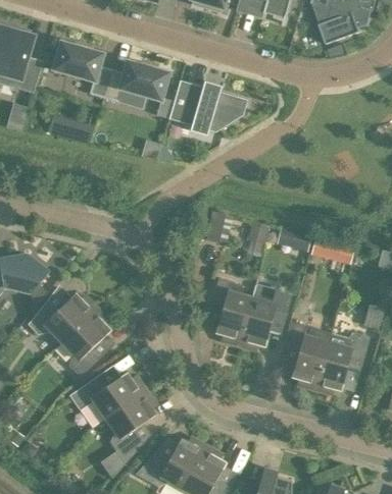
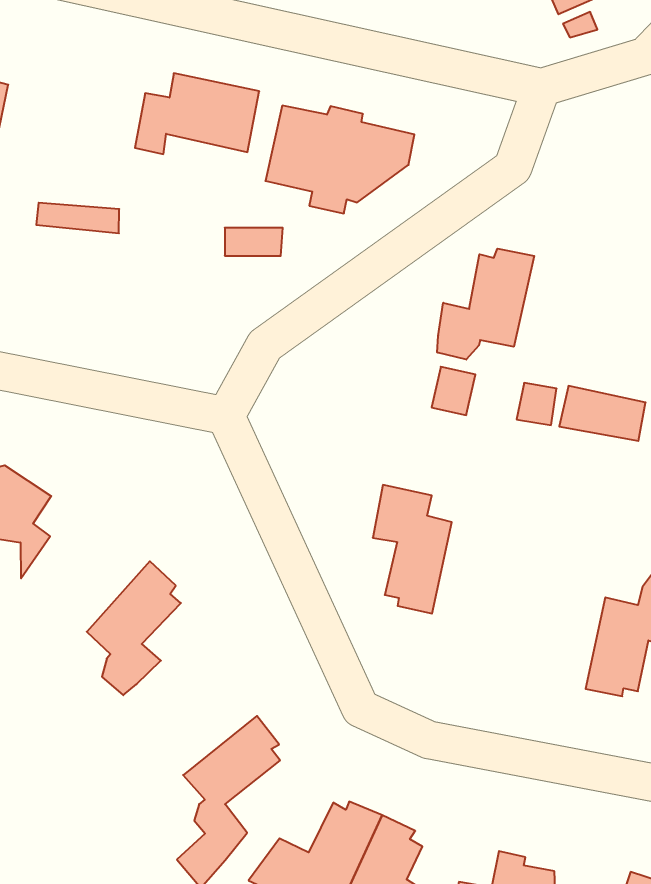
building: [52,41,111,97] -> none
building: none -> [437,249,534,360]
building: [239,287,293,349] -> none
building: [28,293,97,341] -> none
building: [290,322,331,388] -> none
building: [69,372,146,418] -> none

